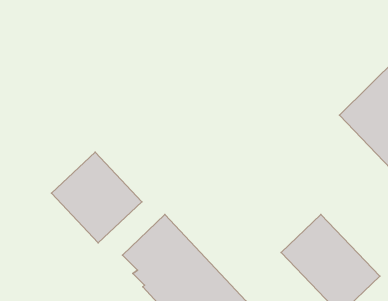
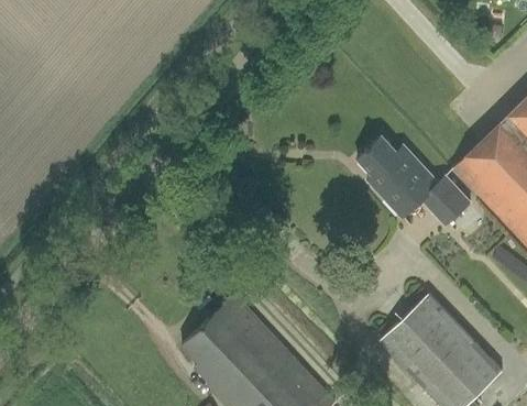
building: none -> [358,135,471,226]
building: [51,152,142,243] -> none

